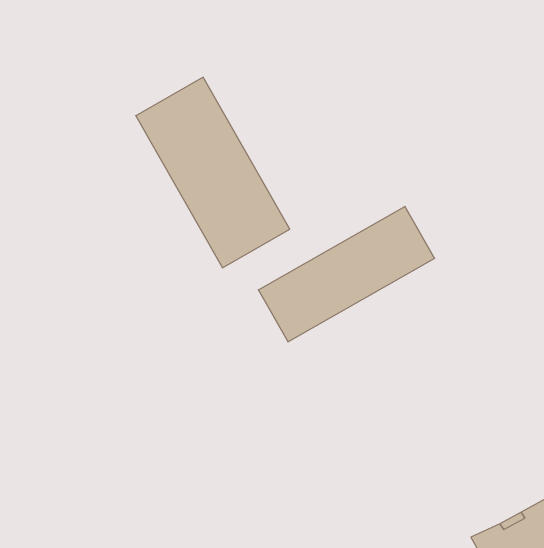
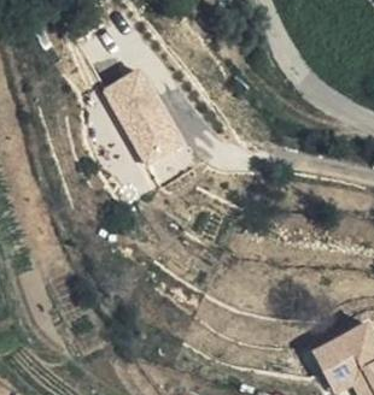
building: [258,206,435,342] -> none

